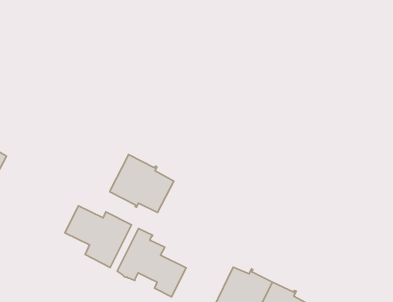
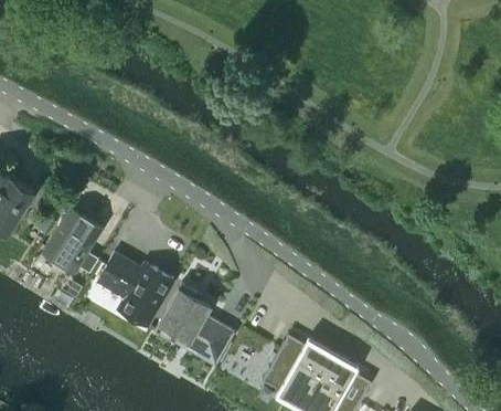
building: [110,154,174,212] -> none
building: none -> [43,209,102,273]

